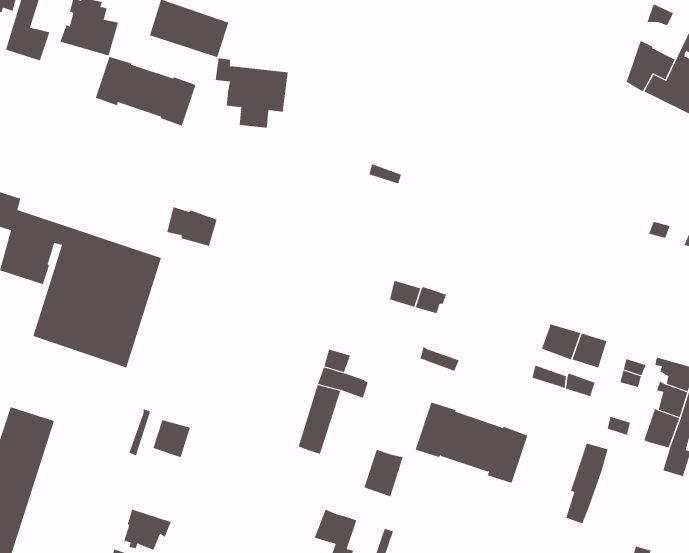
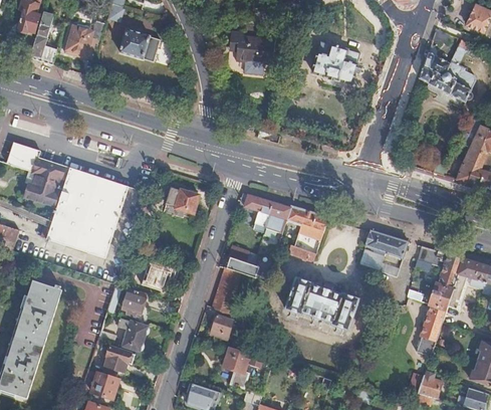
building: none -> [313,42,361,84]
building: [95,56,196,126] -> none
building: [215,58,288,128] -> [230,30,276,74]
building: [166,207,218,247] -> [166,187,198,212]
building: none -> [243,194,273,226]
building: none -> [298,211,327,239]
building: none -> [141,260,175,290]
building: [565,443,609,524] -> [419,303,446,355]
building: [364,449,404,497] -> [210,309,235,339]
building: none -> [118,318,146,350]

